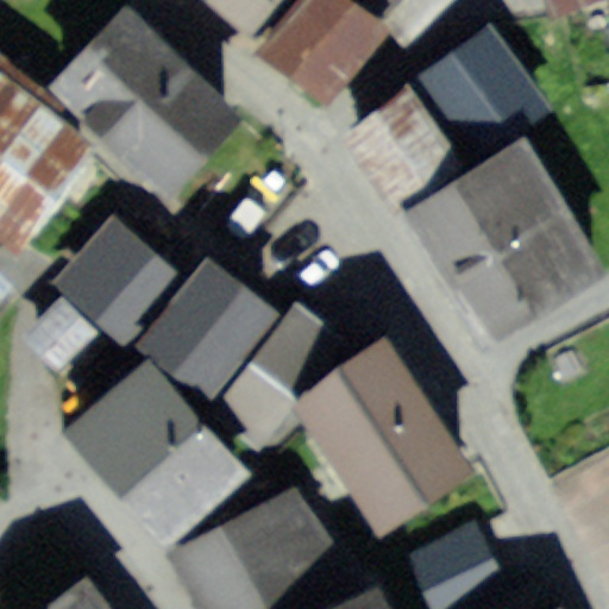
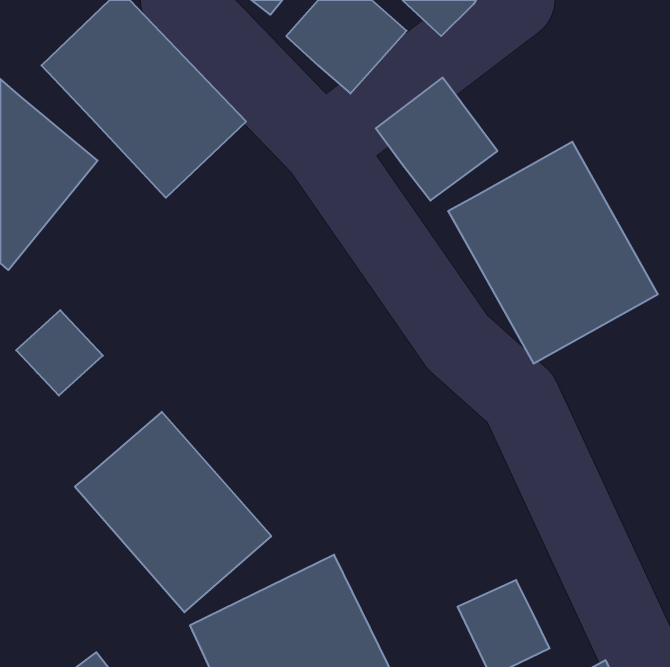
building: [425,27,534,138] -> none
building: [54,202,172,321] -> none
building: [126,252,263,391] -> none
building: [203,290,341,432] -> none
building: [290,338,473,533] -> none

